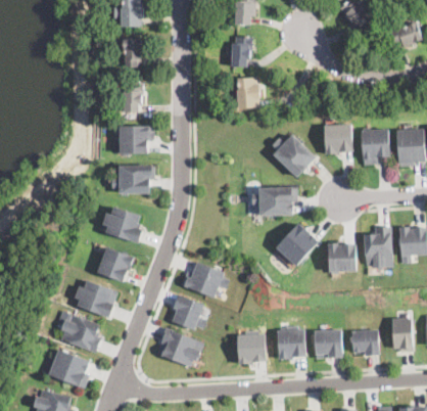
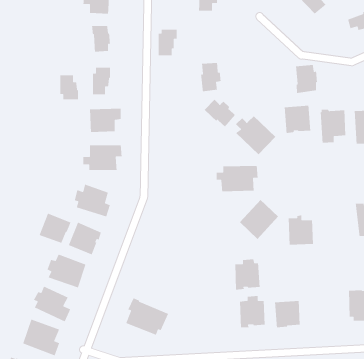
building: [231,39,251,67] -> [158,29,177,56]
building: none -> [295,64,318,94]
building: none -> [60,75,79,100]
building: none -> [204,99,236,127]
building: [364,226,392,268] -> none
building: none -> [38,213,72,244]
building: [183,262,228,298] -> none
building: [171,294,205,330] -> none
building: [237,330,265,364] -> [234,258,261,291]
building: [350,330,378,356] -> none

